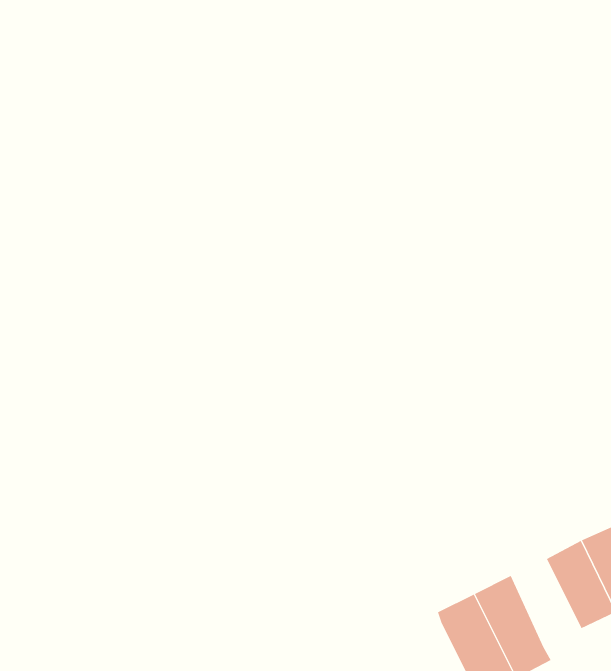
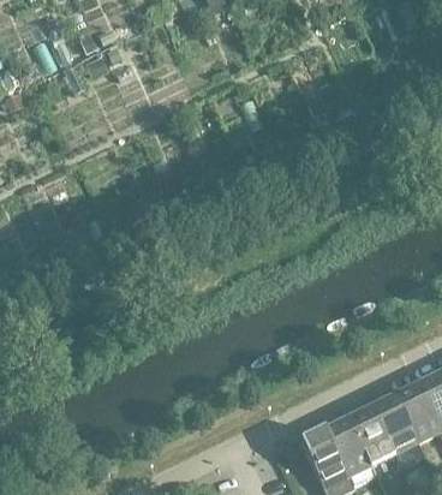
building: none -> [351,404,396,461]

